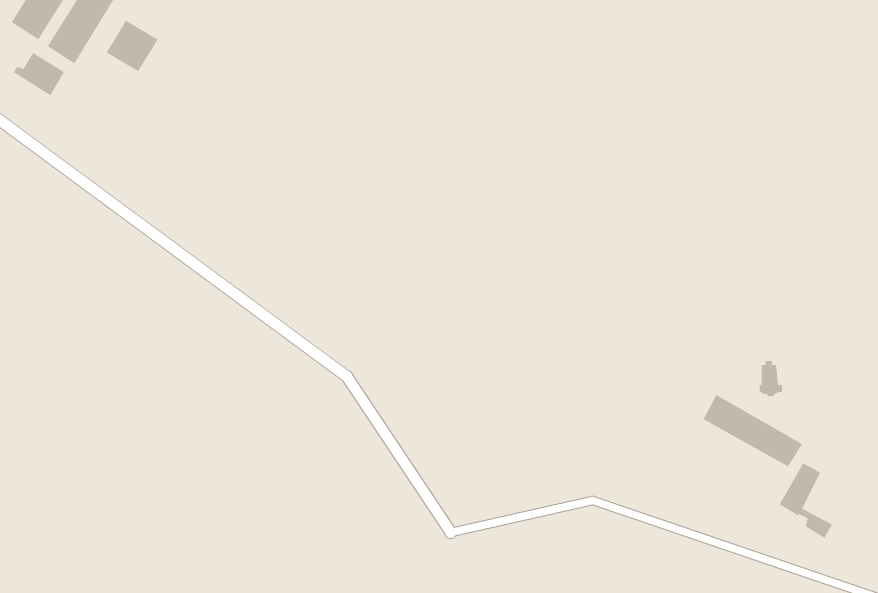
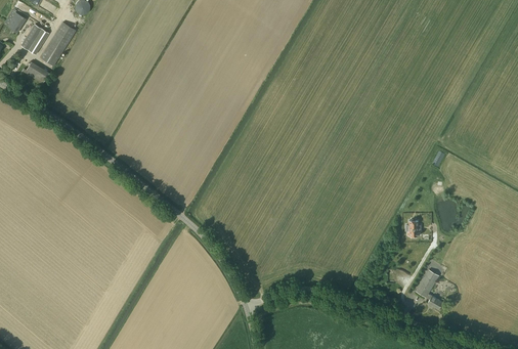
building: [106,20,158,72] -> none
building: [703,394,803,467] -> none

